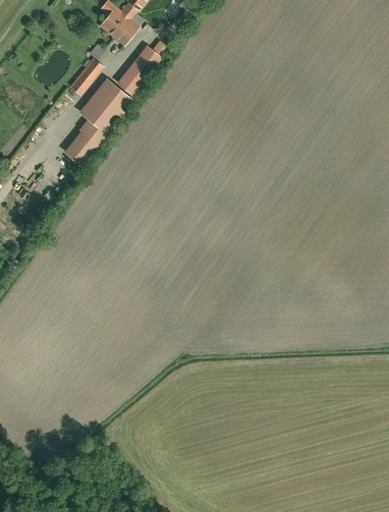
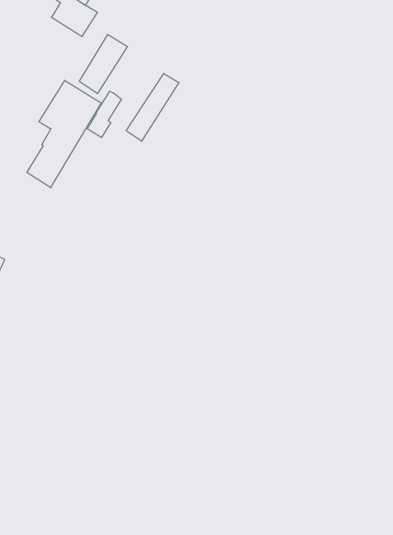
building: [70,57,102,95] -> [87,91,122,138]
building: none -> [126,73,179,141]

